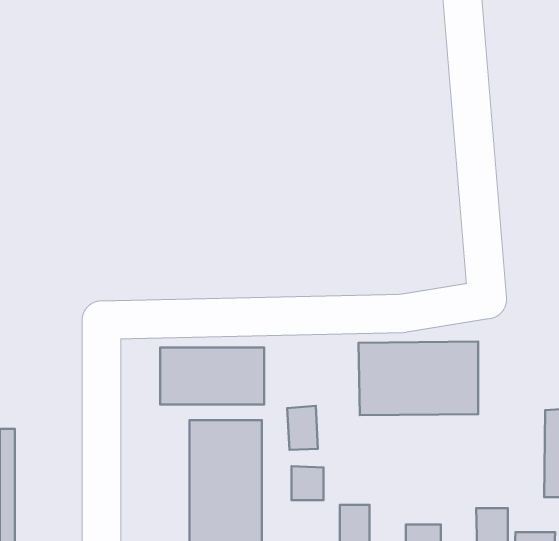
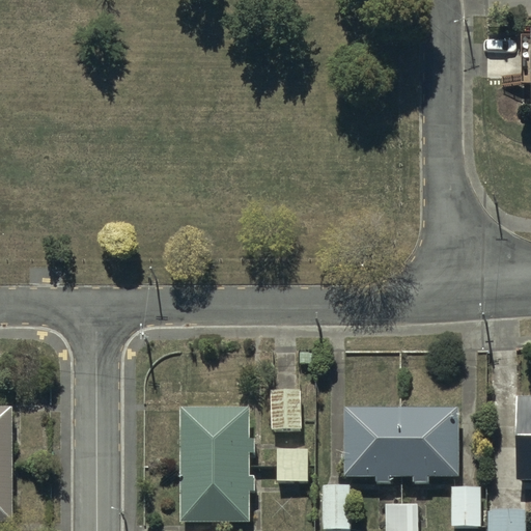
building: [359,342,478,415] -> [343,407,456,476]
building: [160,348,264,405] -> none

